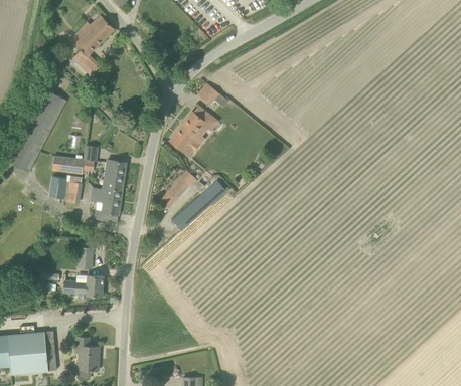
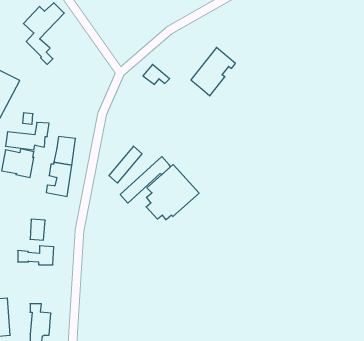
building: [170,106,217,157] -> [191,47,235,96]
building: none -> [146,165,199,220]

